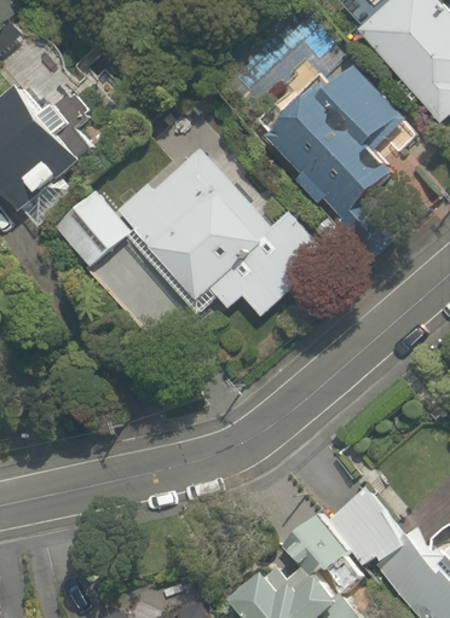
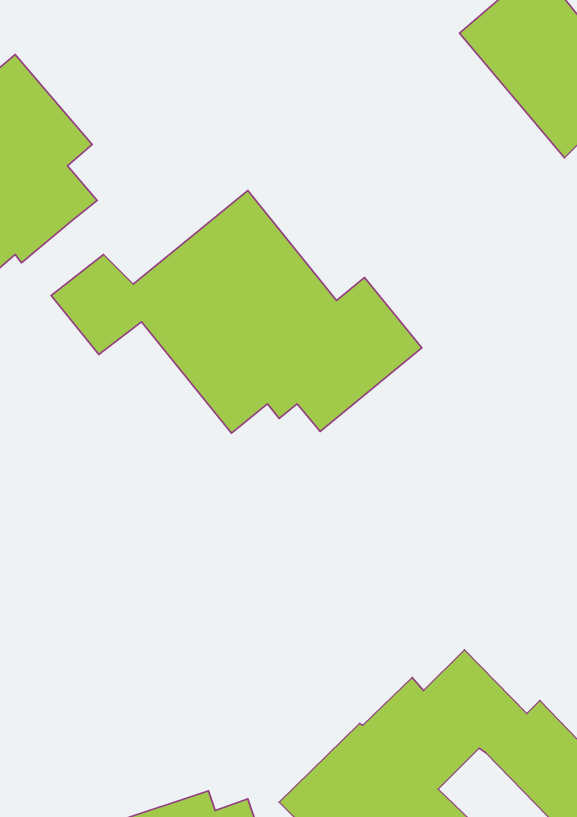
building: [261,68,406,224] -> none

